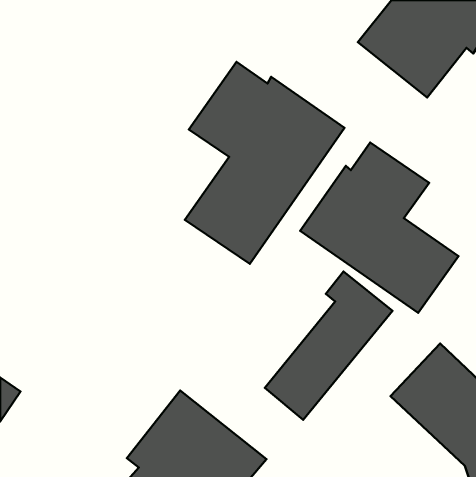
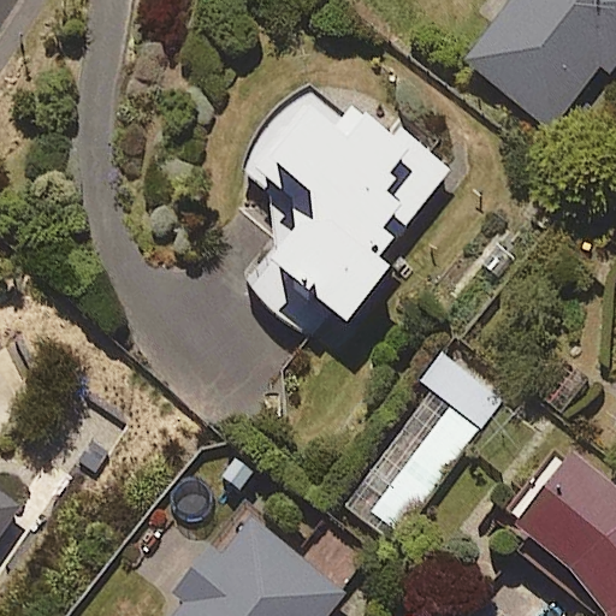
building: [300,142,459,313] -> none

